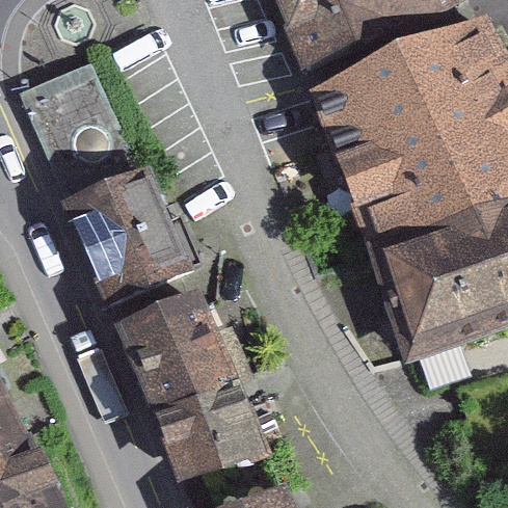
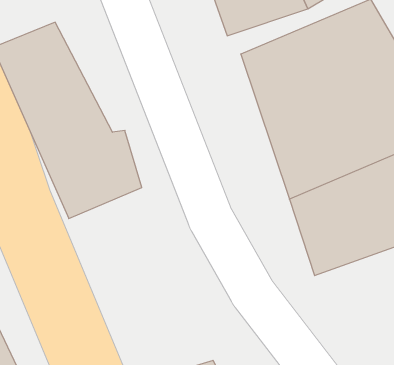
building: [114,272,267,455] -> none

